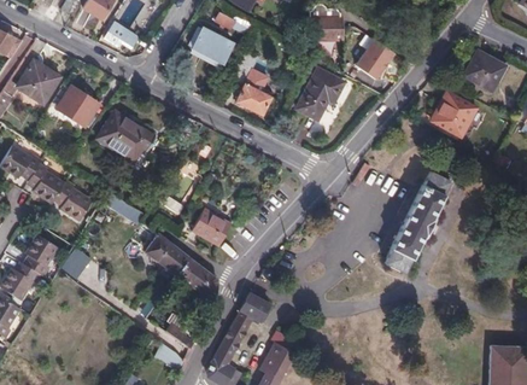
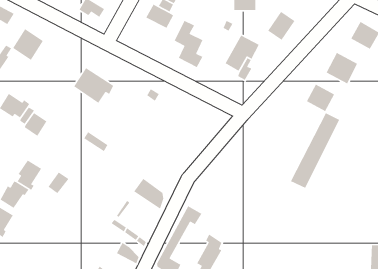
building: [43,84,95,124] -> none
building: none -> [306,84,335,112]
building: [53,180,92,222] -> none
building: [193,208,232,245] -> none
building: [145,234,191,276] -> none

